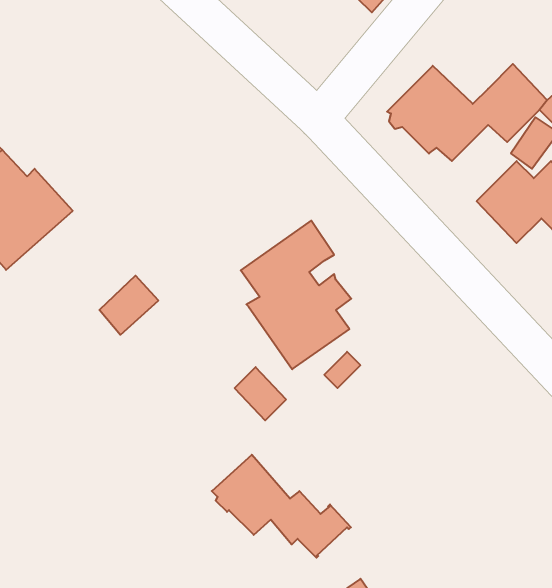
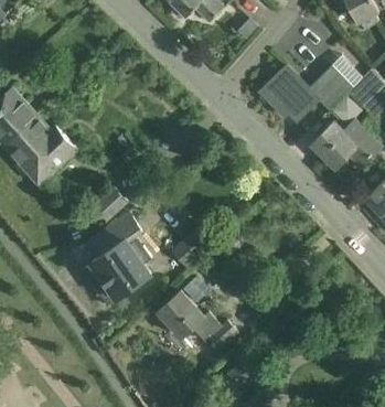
building: [241,221,351,369] -> [87,212,151,298]

